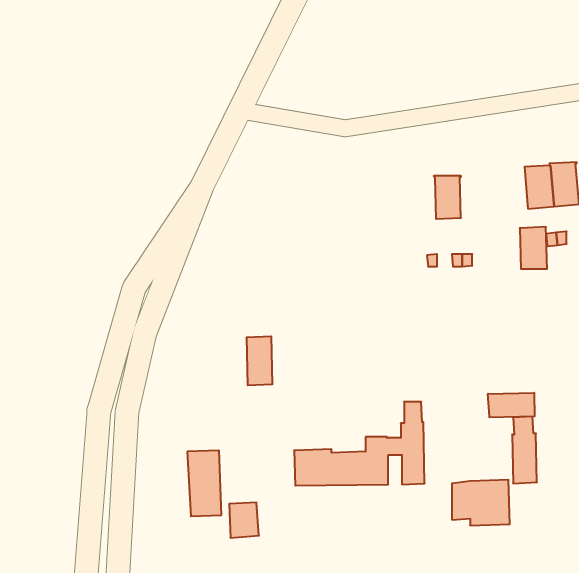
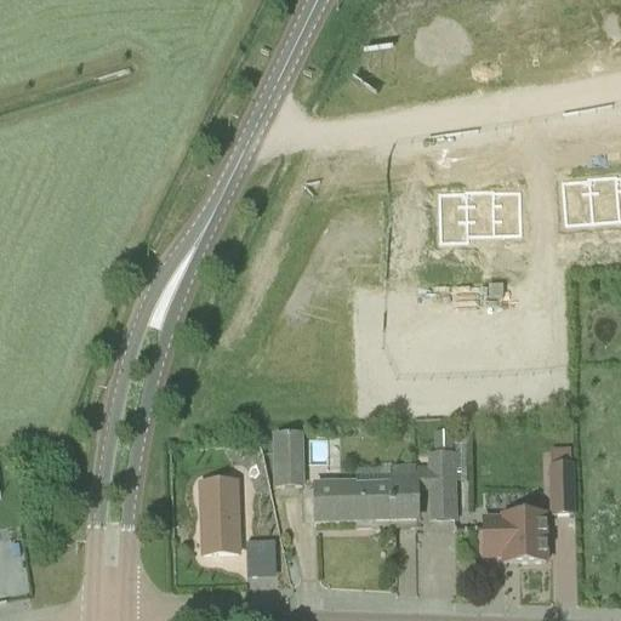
building: none -> [439,190,467,234]
building: [520,227,547,269] -> [492,188,522,233]
building: [246,336,273,385] -> [274,433,302,485]
building: [488,393,535,417] -> none

